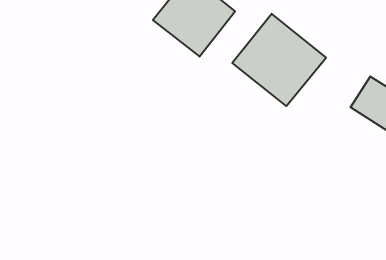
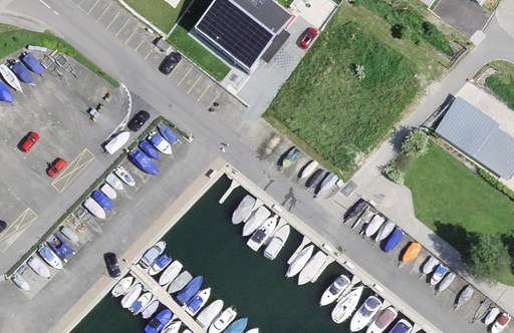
building: [232,14,326,106] -> none

